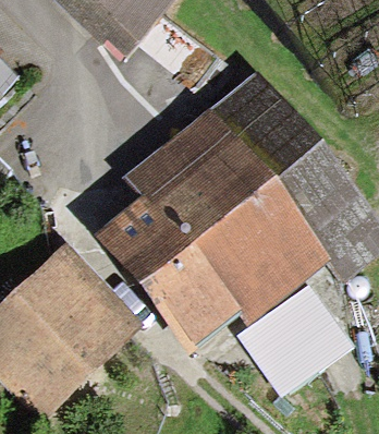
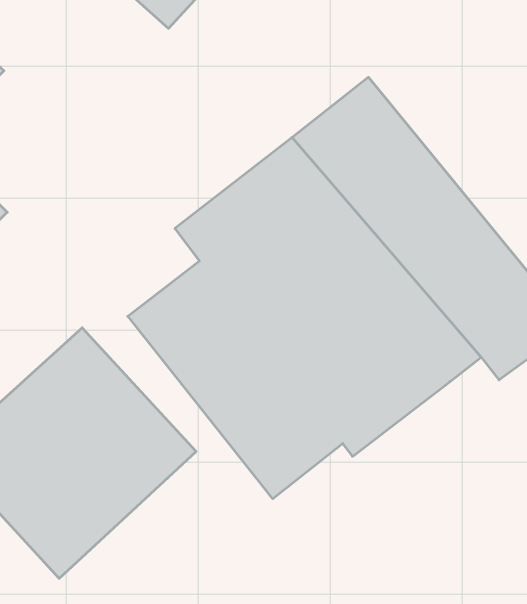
building: [241,276,354,390] -> none

